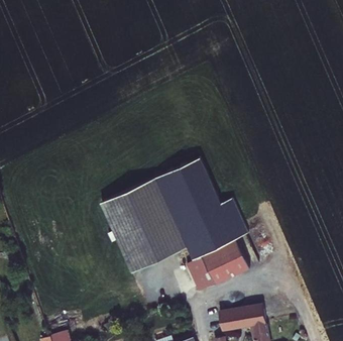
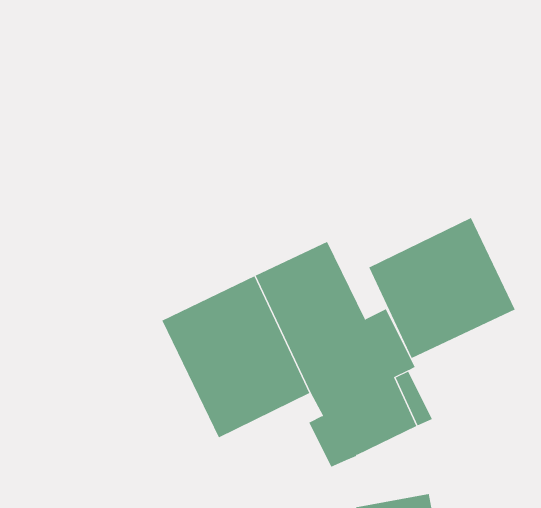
building: none -> [368,217,515,359]

